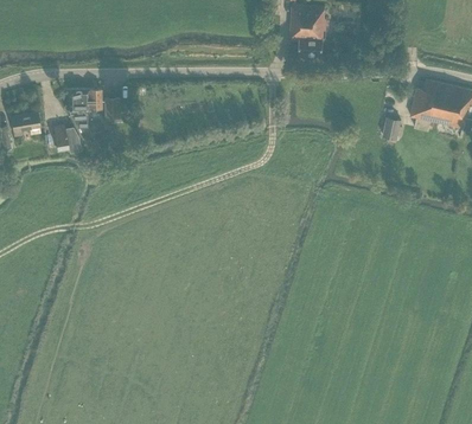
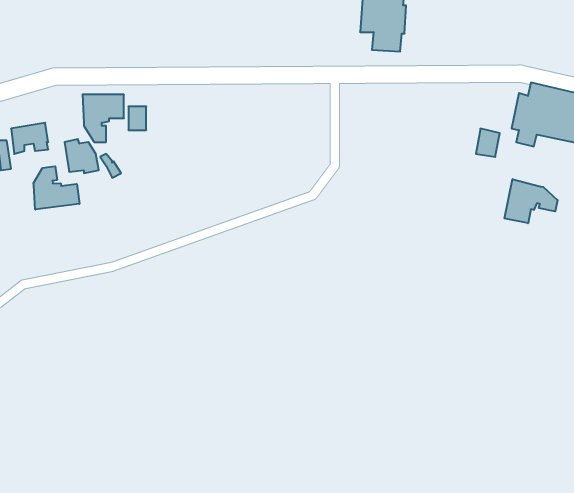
building: none -> [33,166,79,210]
building: none -> [504,179,558,223]

